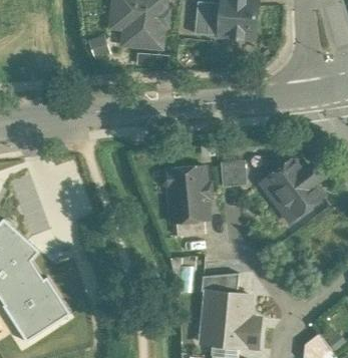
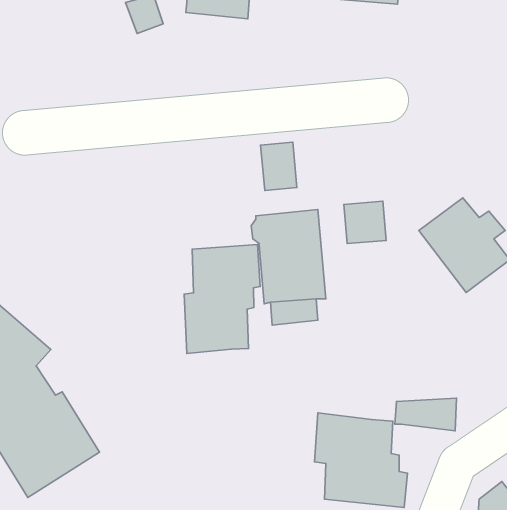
building: none -> [261,142,297,190]
building: none -> [184,245,260,354]
building: [201,275,239,295] -> [395,398,457,431]

